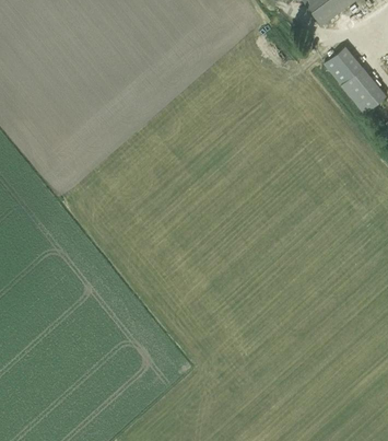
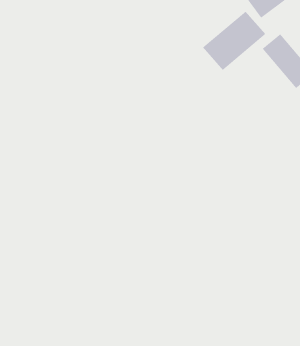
building: none -> [202,11,266,71]

